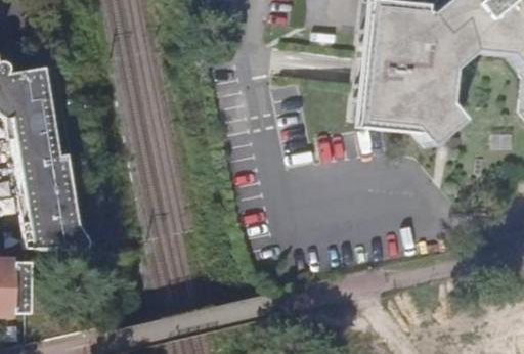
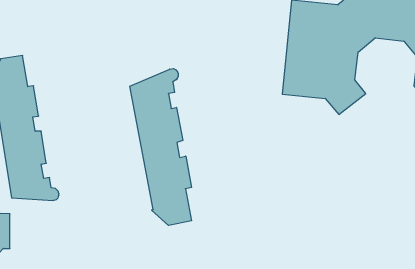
building: none -> [130,69,192,225]

